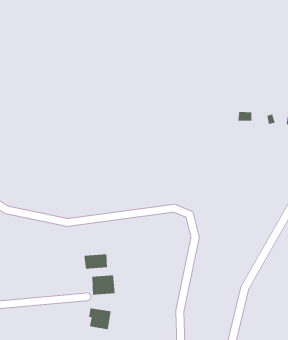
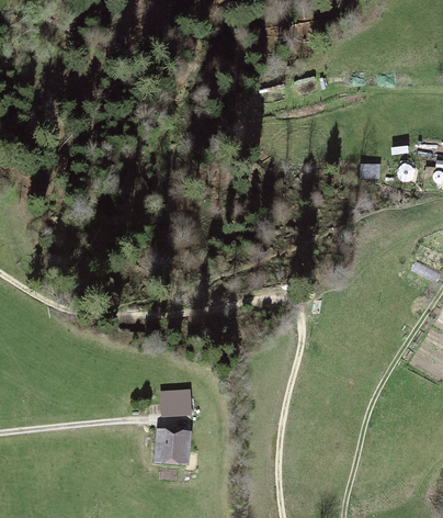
building: [84,253,107,269] -> none

